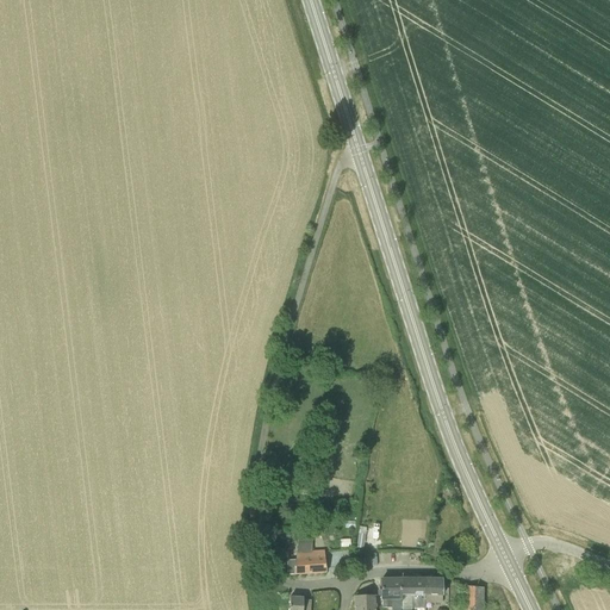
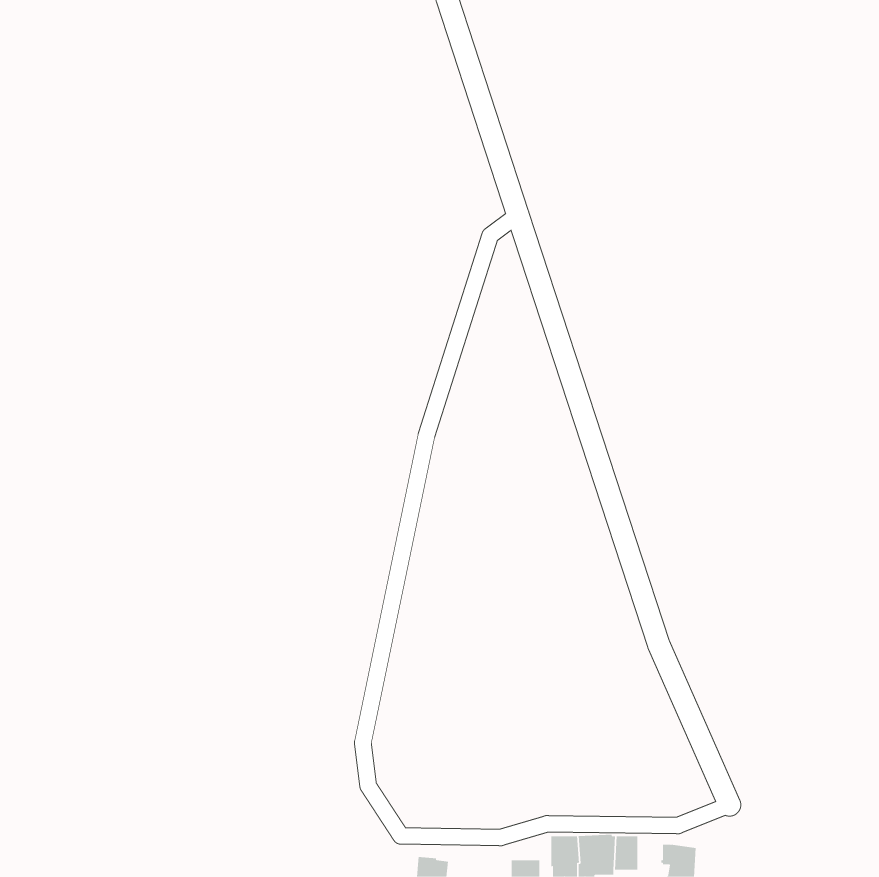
building: [287,531,326,574] -> none

